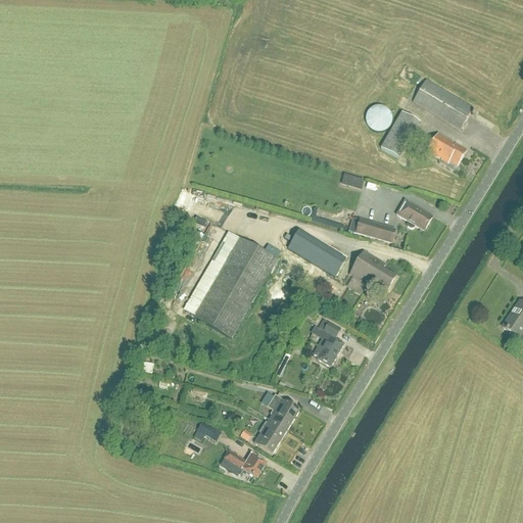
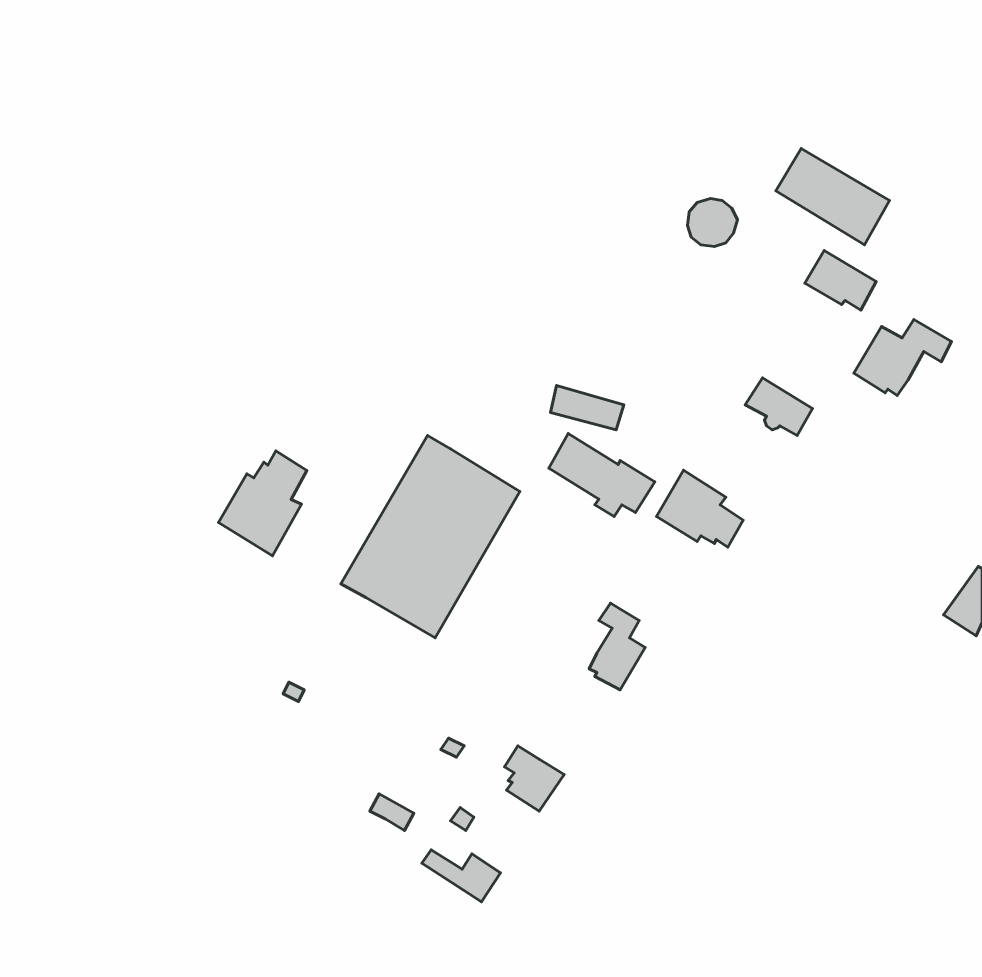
building: [380,110,419,156] -> none
building: none -> [854,319,952,395]
building: [355,219,394,242] -> [551,386,624,430]
building: none -> [218,451,307,556]
building: [254,419,286,454] -> none

